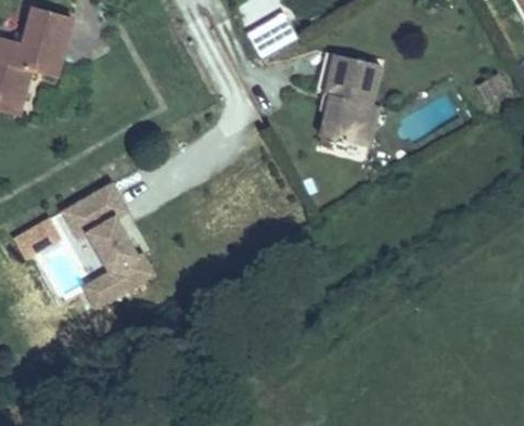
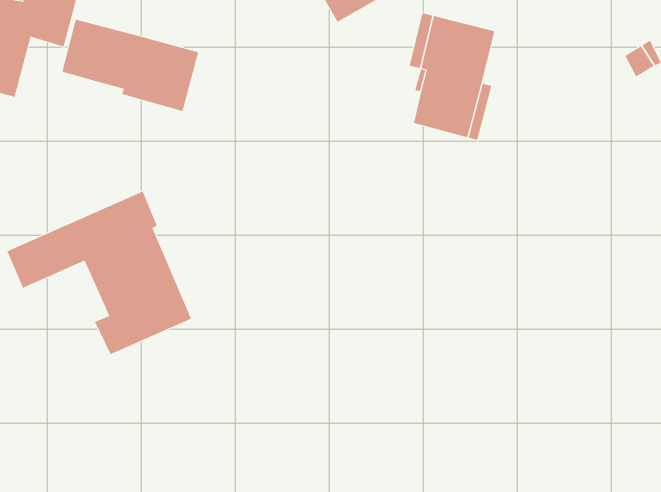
building: none -> [62,19,199,112]

